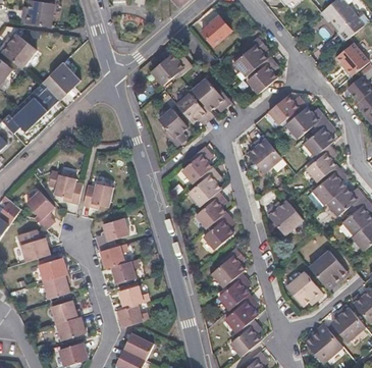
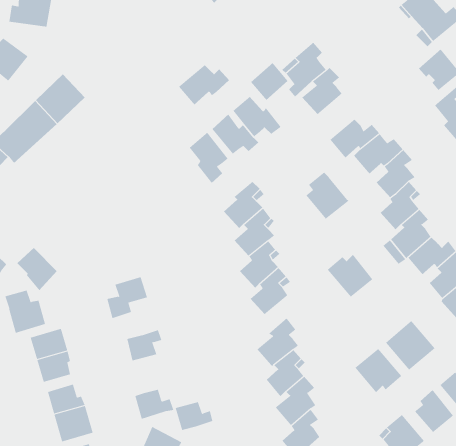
building: [201,15,230,45] -> [250,62,289,101]
building: [49,175,81,204] -> none
building: [82,185,113,209] -> none
building: [100,244,126,268] -> none
building: [118,285,148,308] -> [175,401,213,431]

